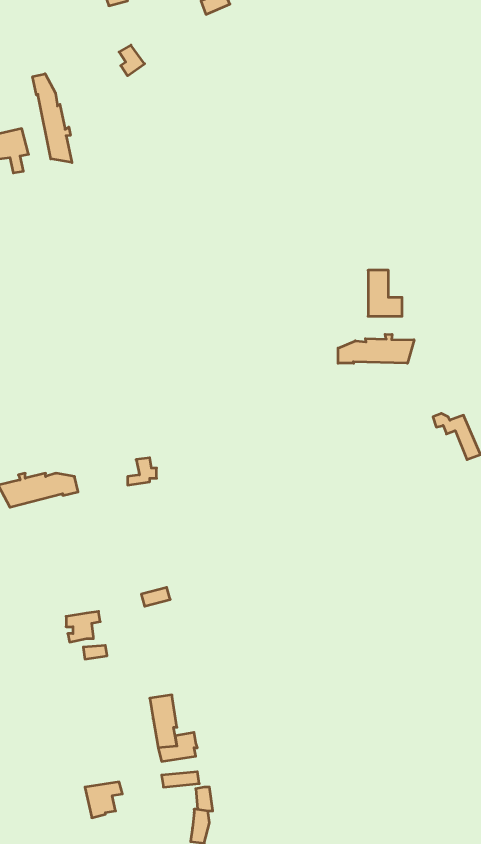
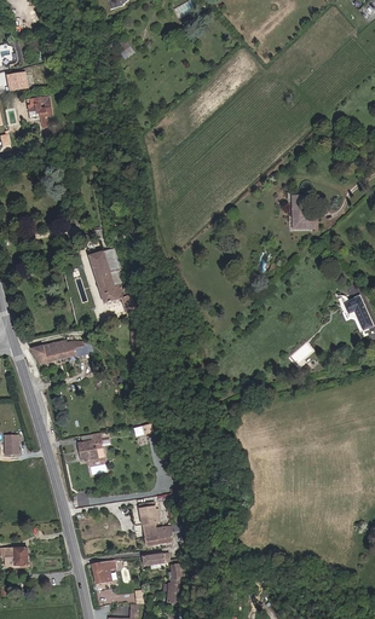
building: [33,74,72,163] -> none
building: [338,334,414,363] -> none
building: none -> [87,250,134,317]

